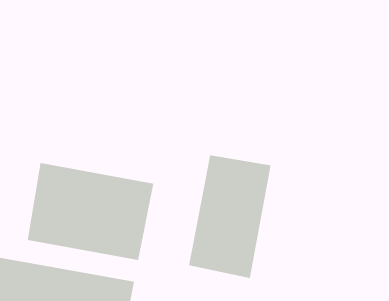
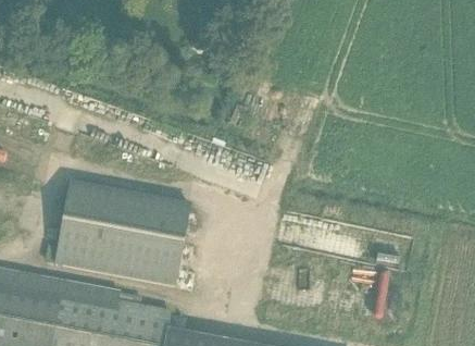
building: [188,154,271,279] -> none

